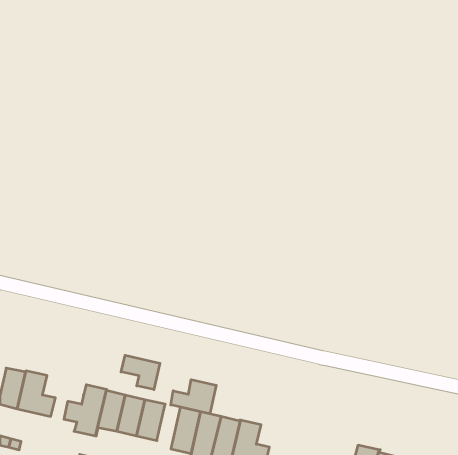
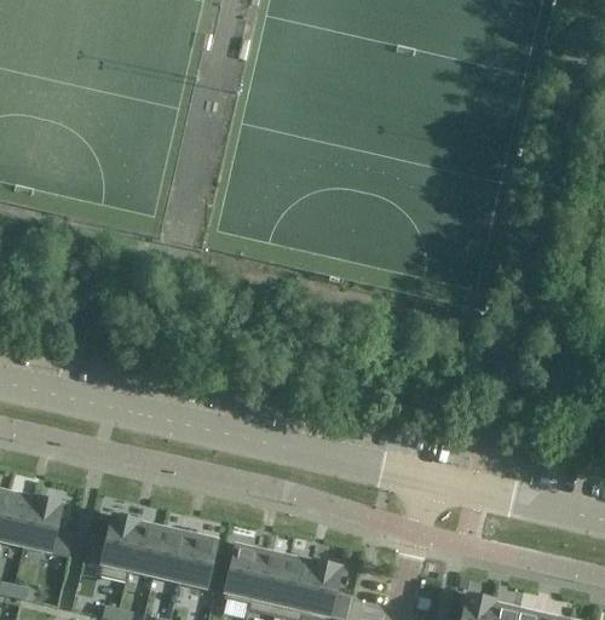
building: [121,355,160,390] -> none
building: [171,380,216,414] -> none

